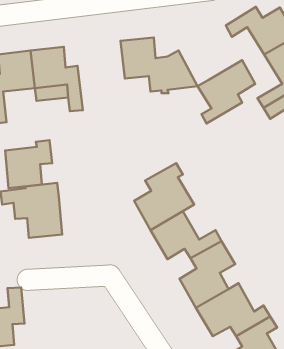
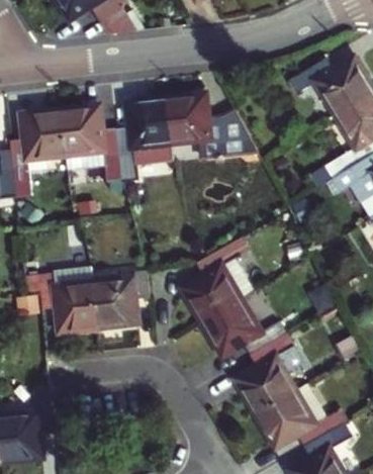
building: none -> [115,98,173,179]
building: [198,60,255,123] -> none
building: [5,140,52,188] -> [93,270,149,326]

